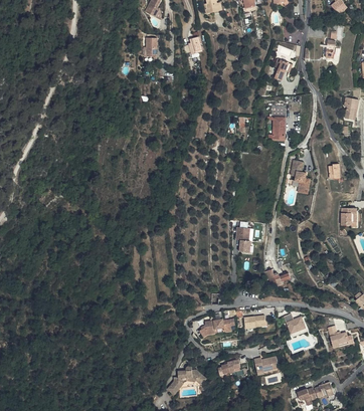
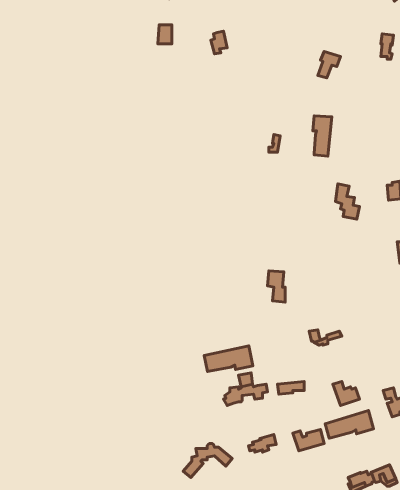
building: none -> [204,346,253,371]
building: none -> [325,411,373,438]

